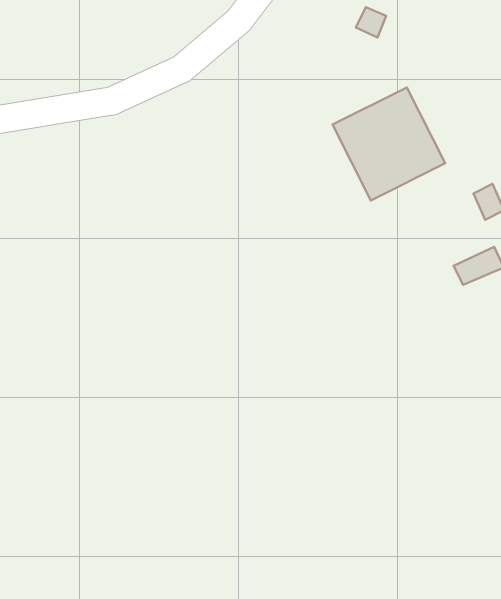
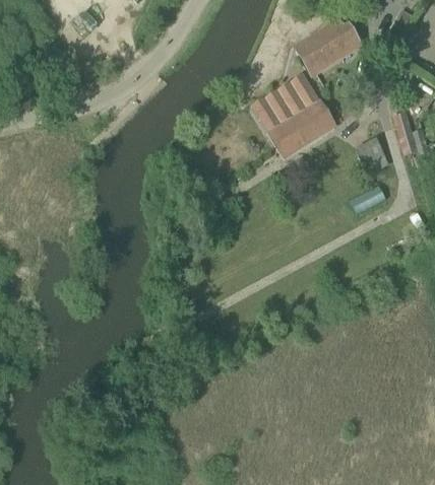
building: none -> [299,19,363,76]

